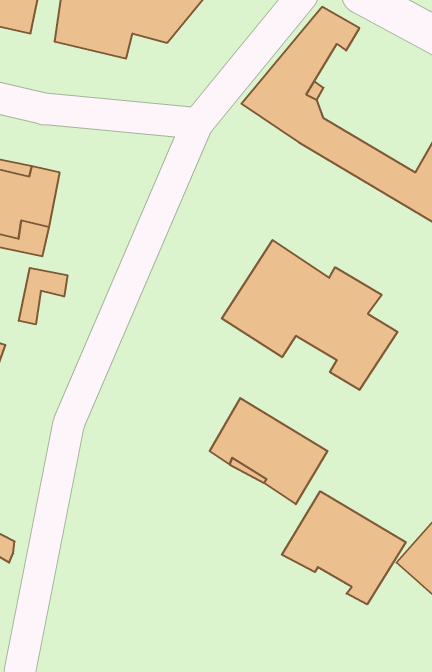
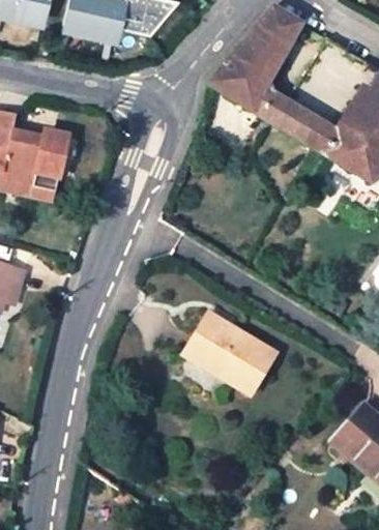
building: [222,240,397,390] -> none
building: [19,268,67,324] -> none
building: [282,491,406,604] -> none

